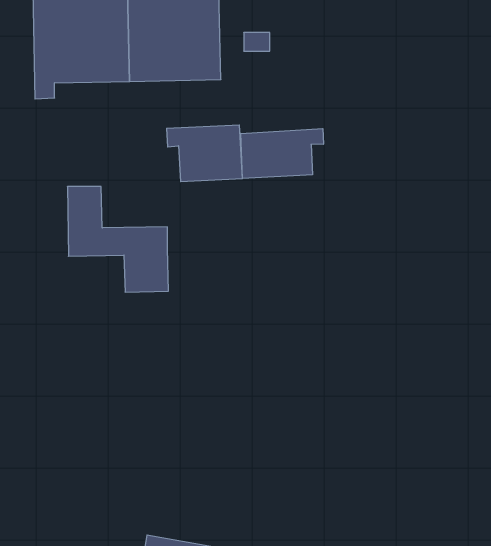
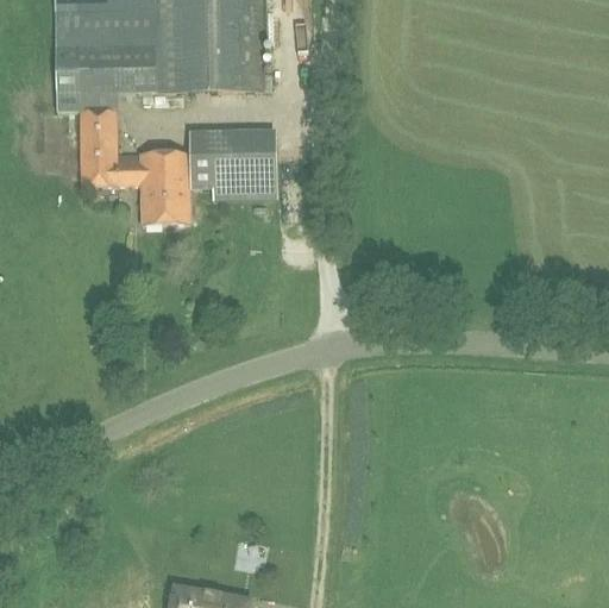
building: [241,129,323,178] -> none
building: [67,187,168,292] -> [79,108,189,224]

